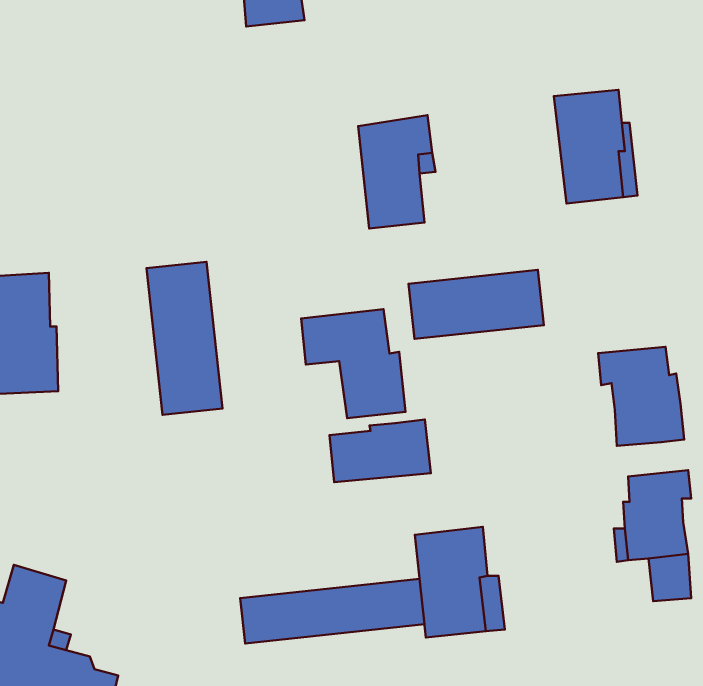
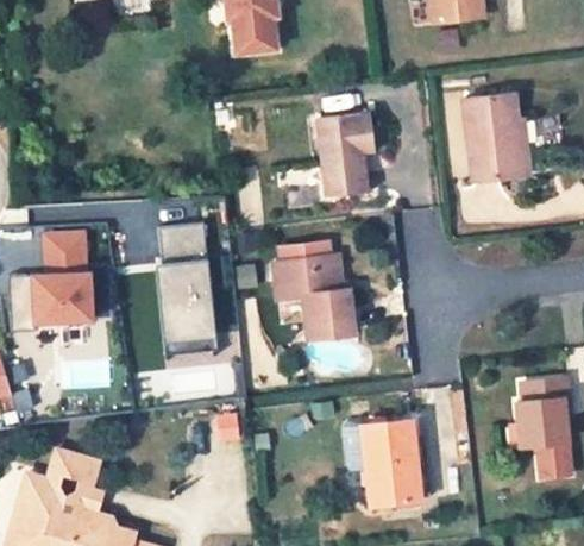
building: [409,270,544,339] -> none
building: [598,347,684,446] -> none
building: [330,420,431,482] -> none
building: [240,579,425,643] -> none

